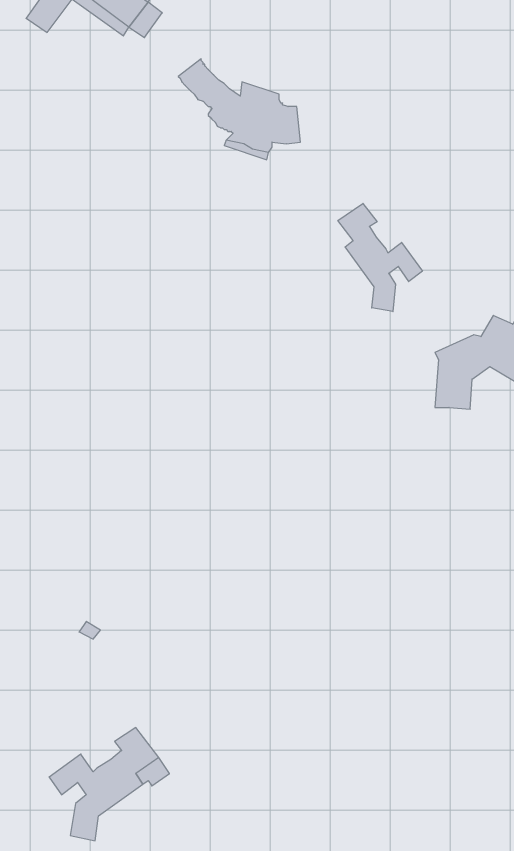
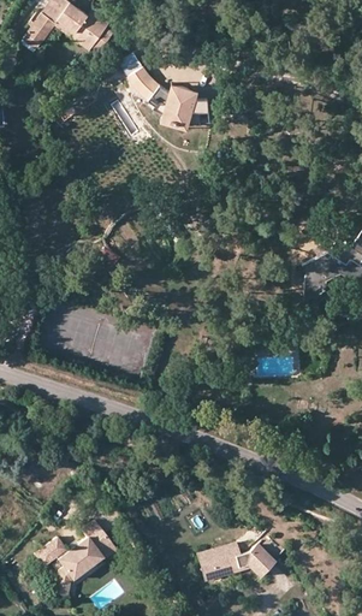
building: [338,203,422,312] -> none
building: none -> [196,541,277,580]

